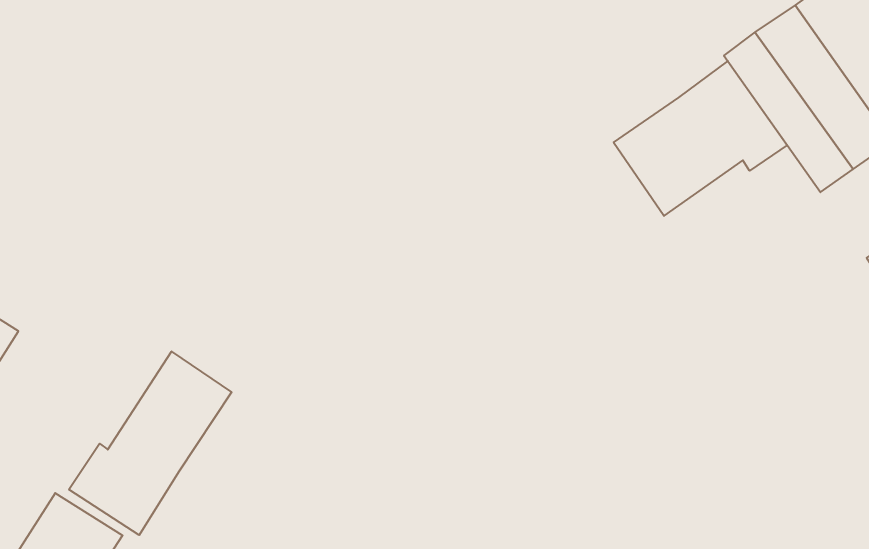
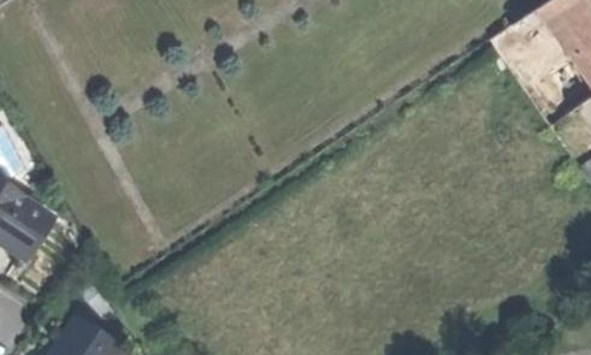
building: [614,61,787,216] -> none
building: [69,351,232,535] -> none

